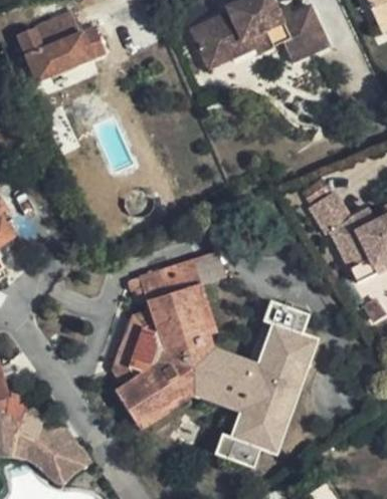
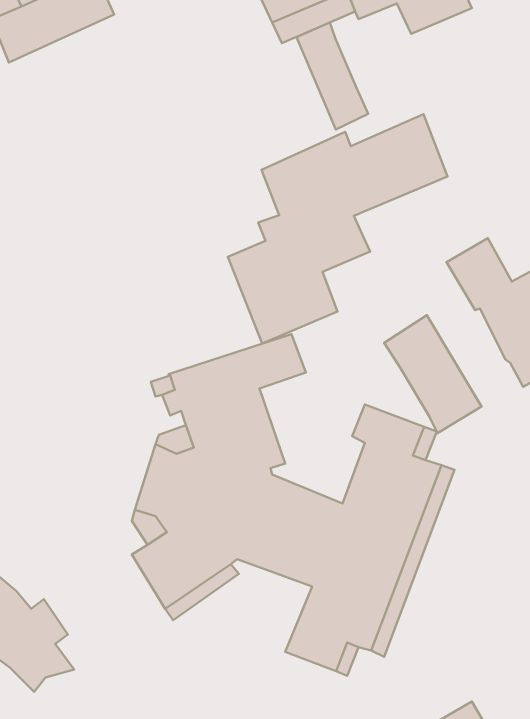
building: none -> [296,22,368,129]
building: none -> [228,114,447,344]
building: none -> [384,315,482,433]

